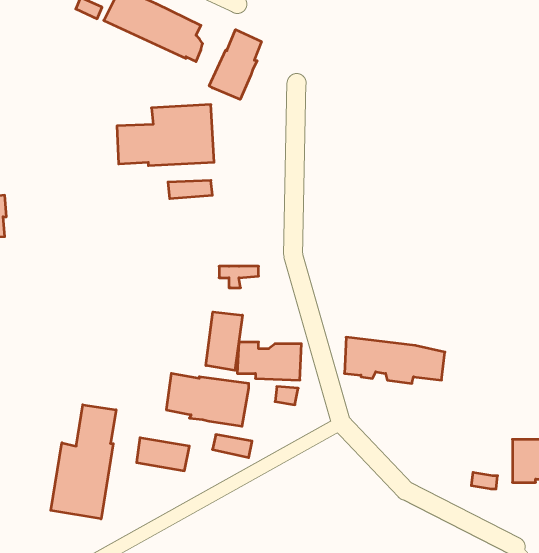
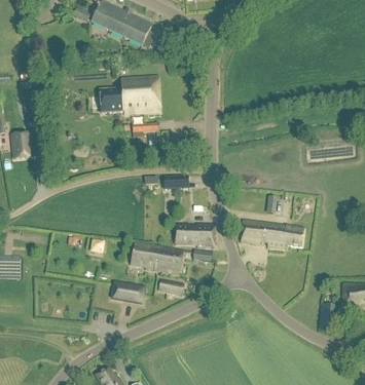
building: [209,30,261,99] -> none
building: [206,312,242,370] -> none
building: [51,405,116,519] -> none

